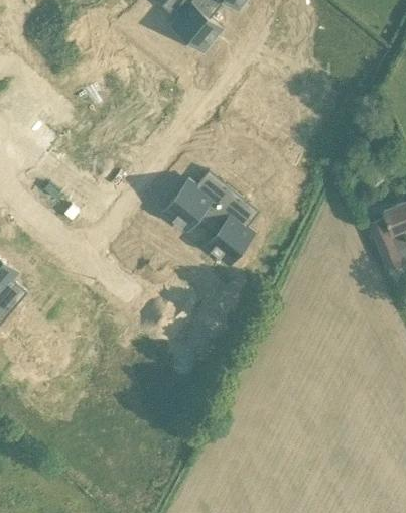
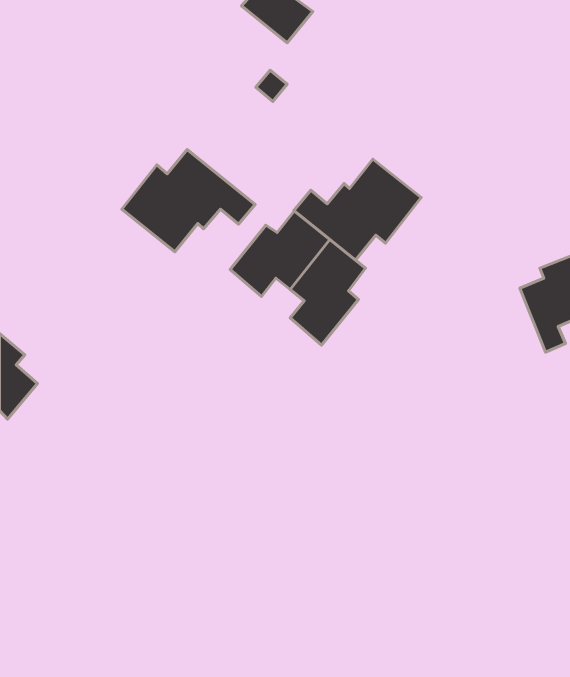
building: none -> [122,150,255,252]
building: none -> [294,159,421,260]

